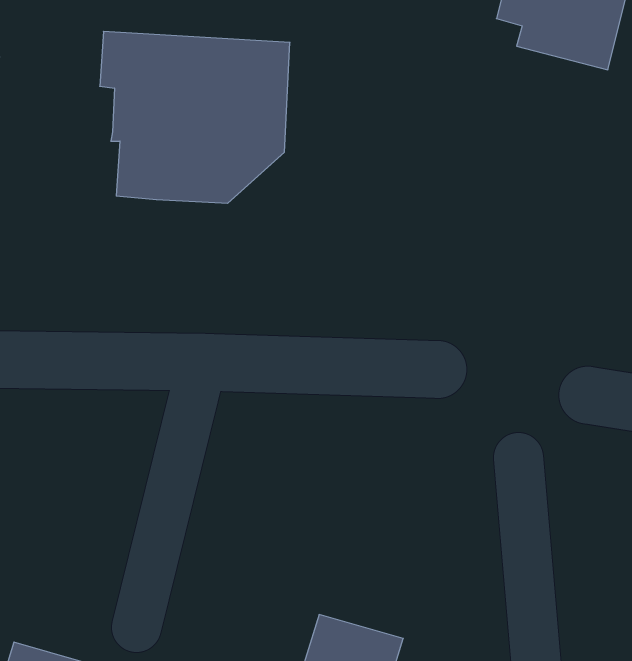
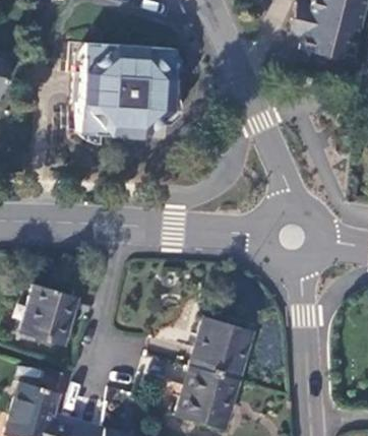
building: none -> [19,284,74,345]
building: none -> [190,316,251,379]

